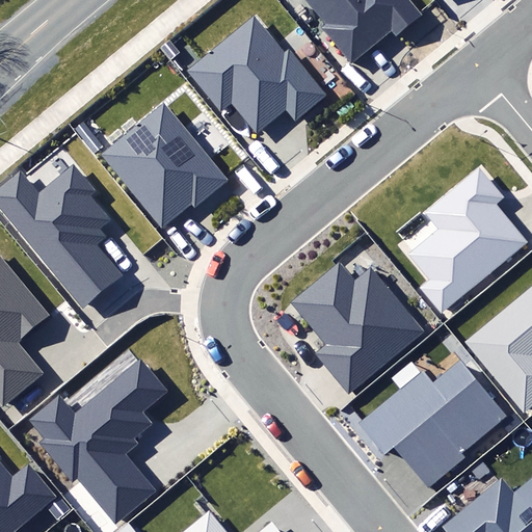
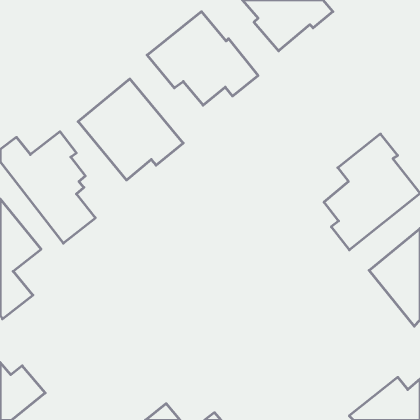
building: [292,262,423,393] -> none
building: [357,360,507,488] -> none
building: [32,363,164,526] -> none

